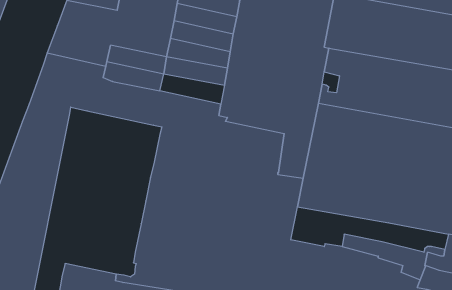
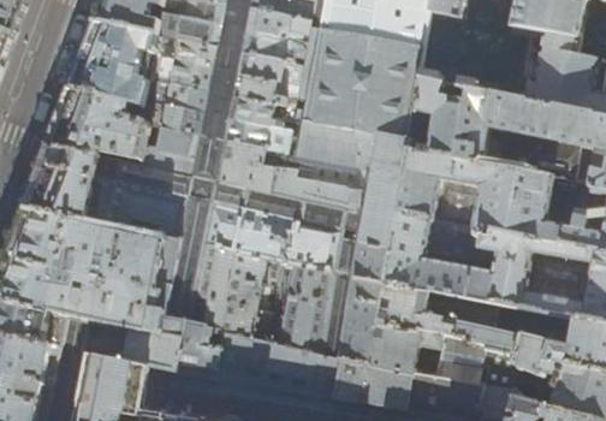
building: none -> [210,108,292,147]
building: none -> [78,171,190,362]
building: none -> [376,277,500,327]

